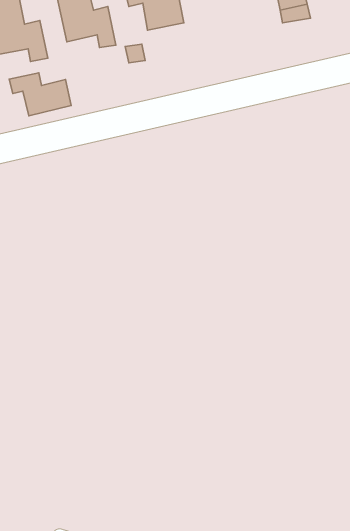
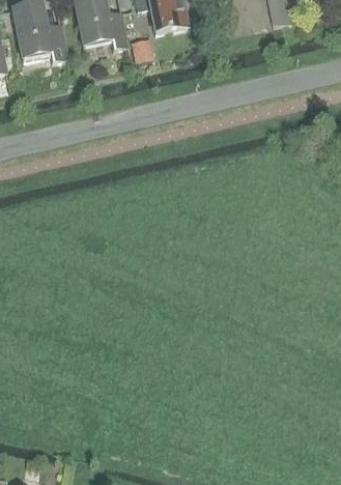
building: [9,73,71,116] -> none

